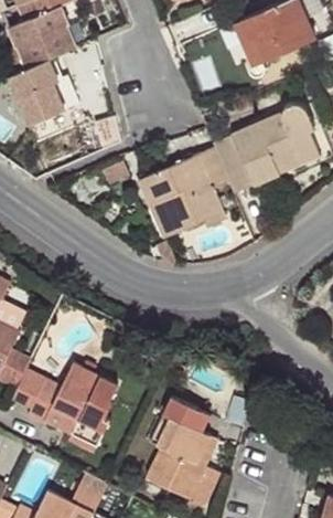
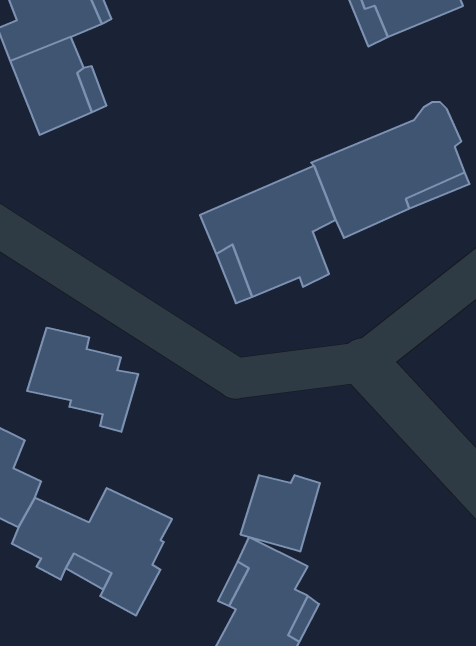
building: none -> [27,328,138,432]
building: none -> [241,475,320,552]

